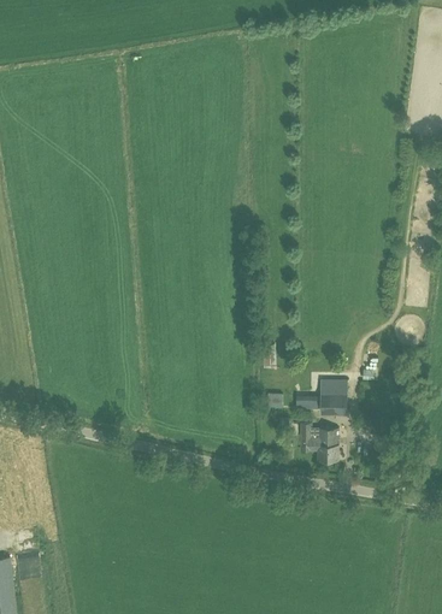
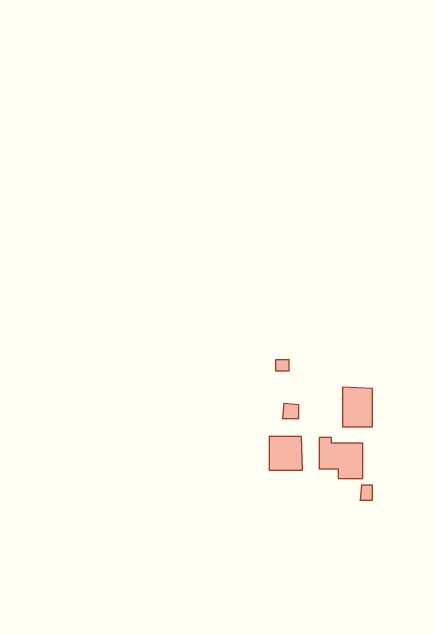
building: none -> [269,436,302,470]

